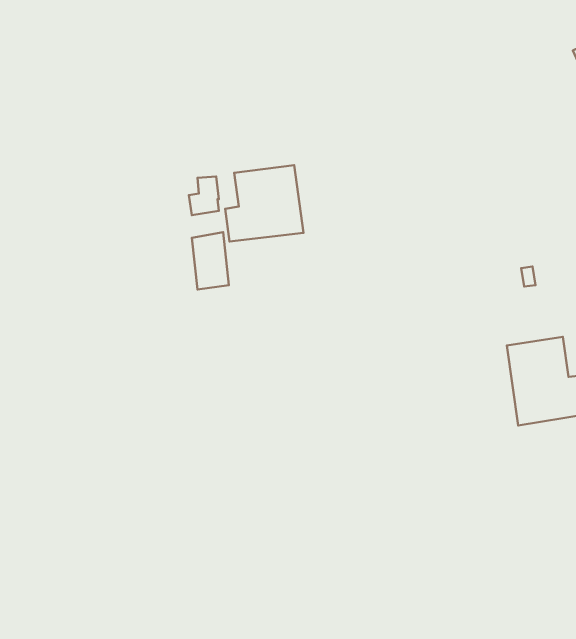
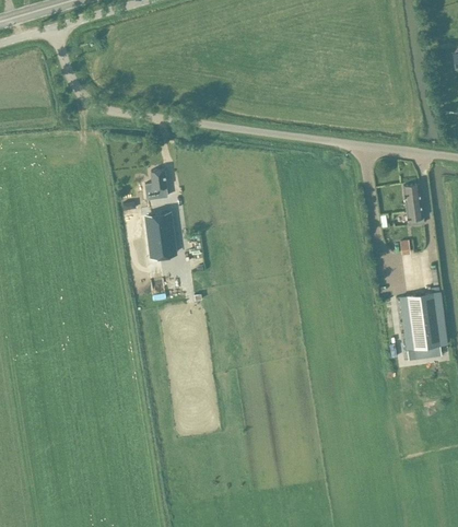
building: [225,165,304,242] -> none
building: none -> [404,183,424,224]

